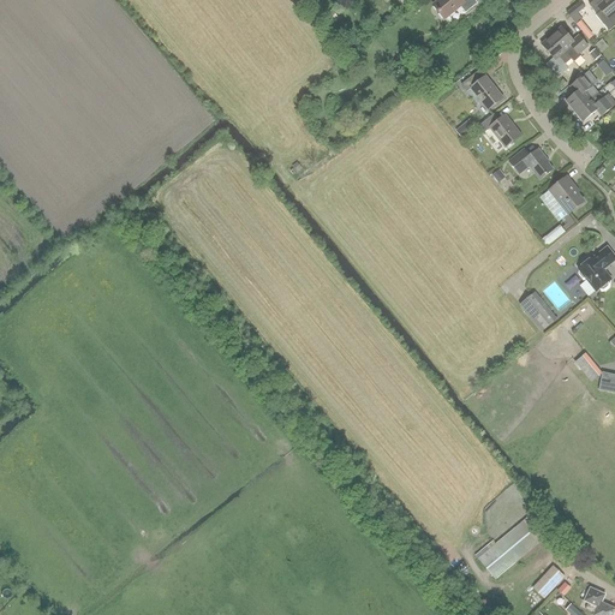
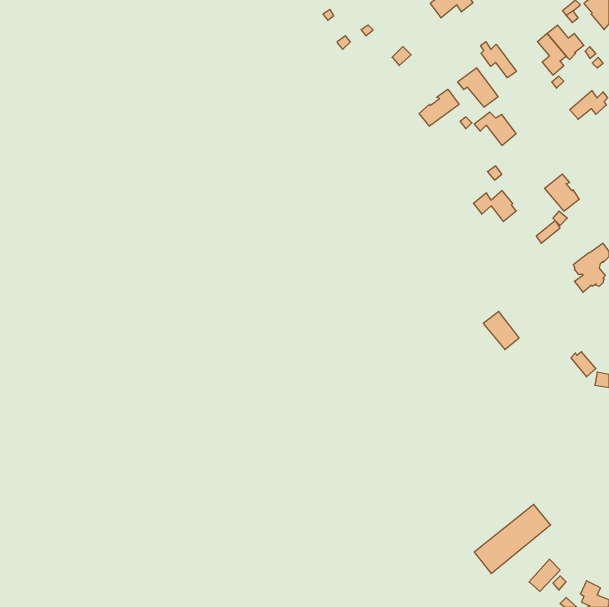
building: none -> [481,42,516,78]
building: [566,70,597,111] -> none
building: none -> [419,89,459,126]
building: [509,145,553,177] -> [473,190,516,221]
building: [520,291,556,329] -> [483,311,519,350]

